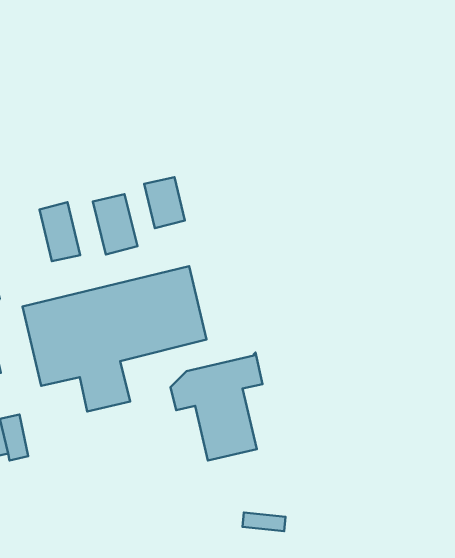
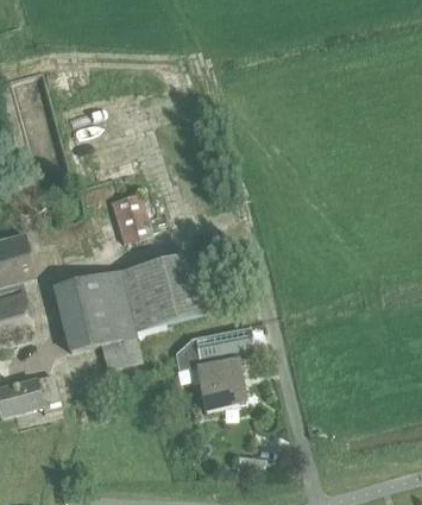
building: [144,177,185,228] -> none
building: [40,202,80,261] -> none

